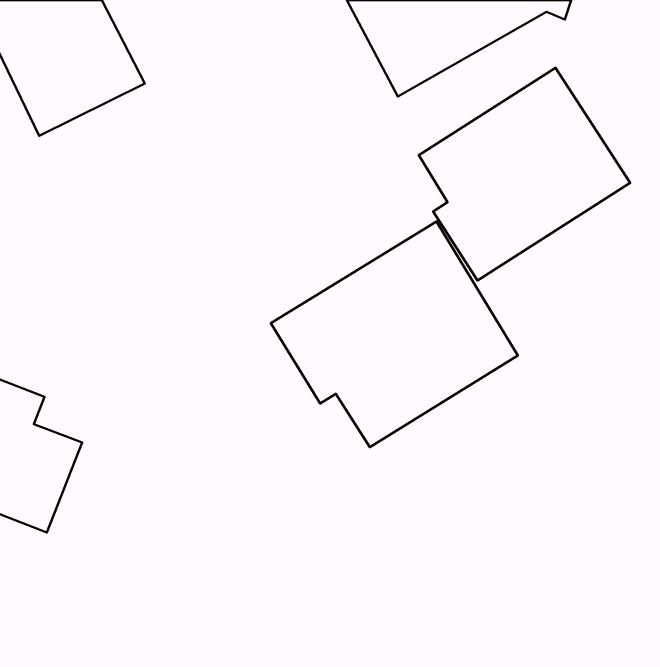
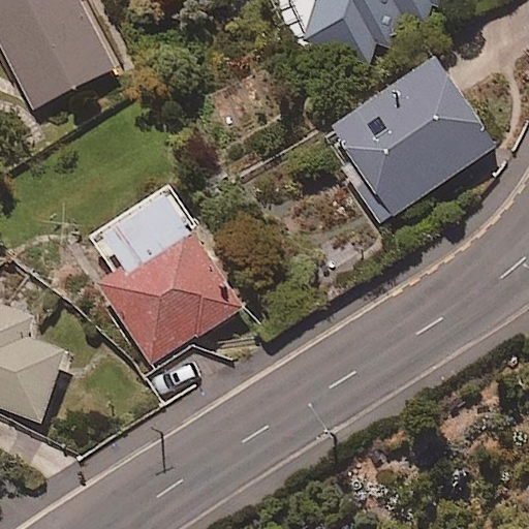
building: [271,221,518,447] -> none
building: none -> [90,187,244,368]

